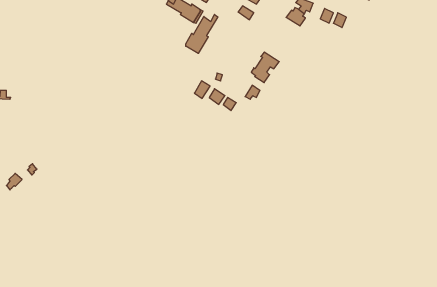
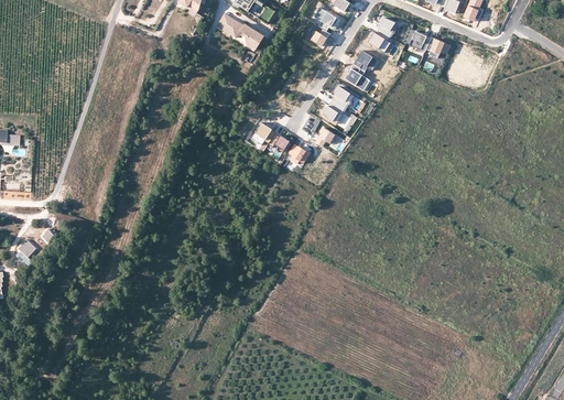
building: [186,14,218,53] -> none
building: none -> [345,50,379,89]

